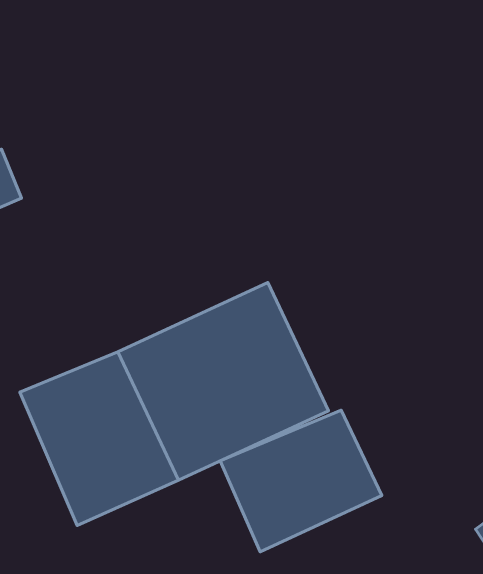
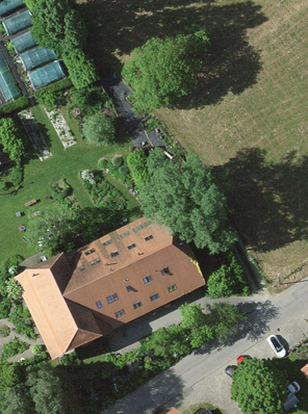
building: [220,410,382,552] -> none

